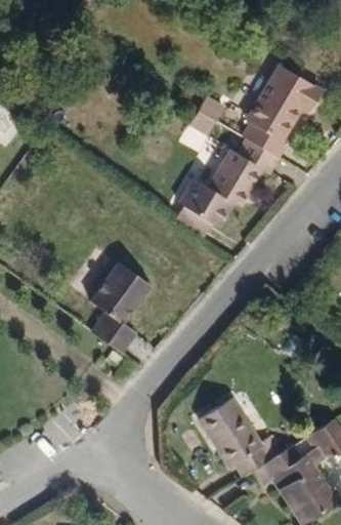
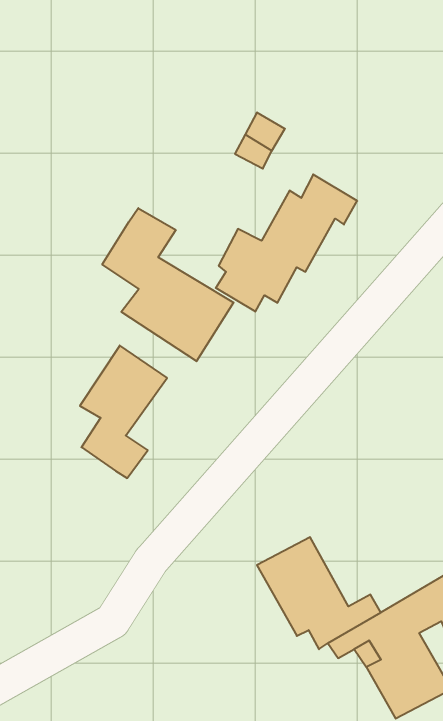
building: [238,67,316,159] -> none
building: none -> [102,208,234,361]

